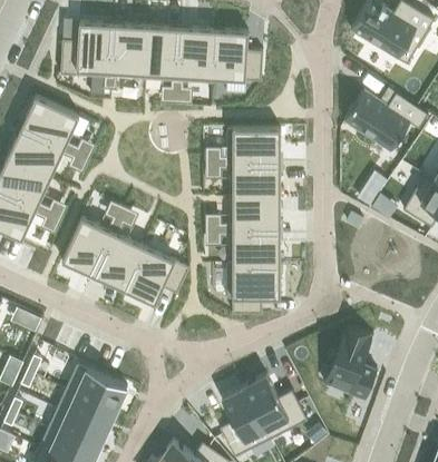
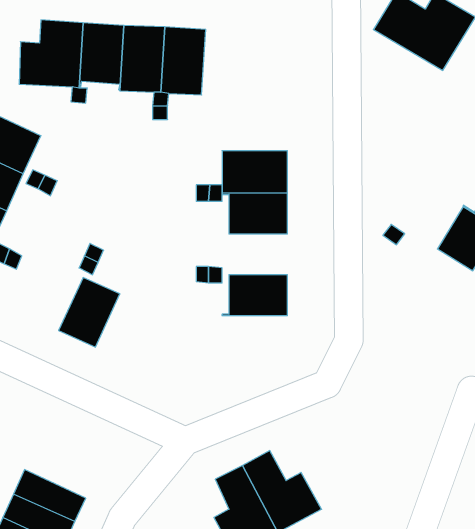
building: [211,29,263,82] -> none
building: [344,89,428,150] -> none
building: [233,196,281,229] -> none
building: [62,217,114,275] -> none
building: [124,245,189,303] -> none
building: [227,263,281,313] -> none
building: [324,325,377,399] -> none
building: [66,363,128,412] -> none

